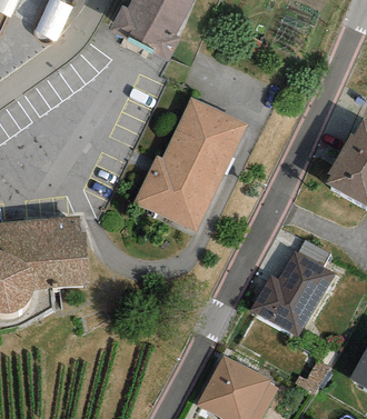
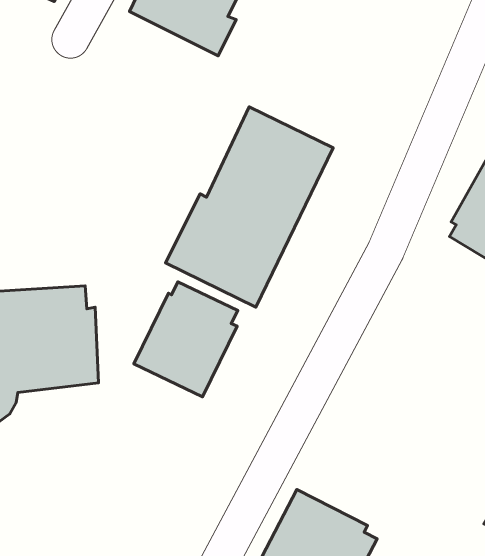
building: none -> [134,282,238,397]
building: [250,250,335,338] -> none

